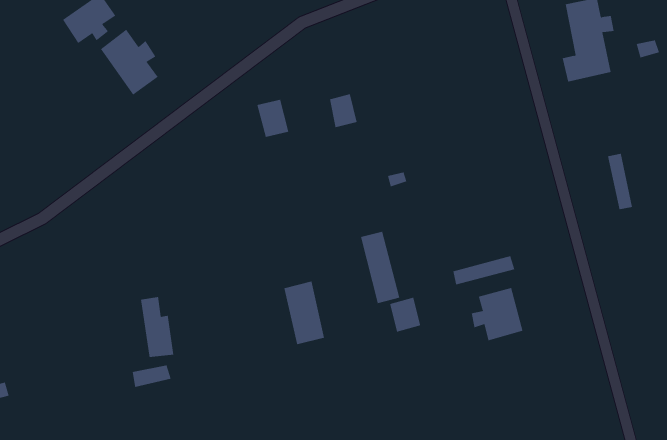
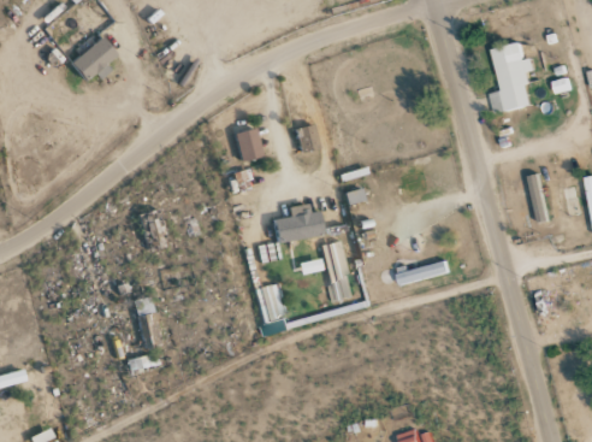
building: [100,29,159,96] -> none
building: none -> [272,204,321,241]
building: [471,287,523,341] -> none
building: [389,297,421,332] -> none

